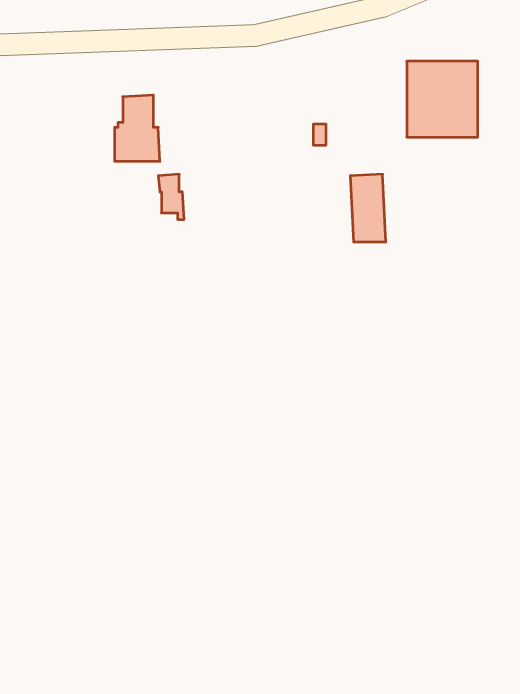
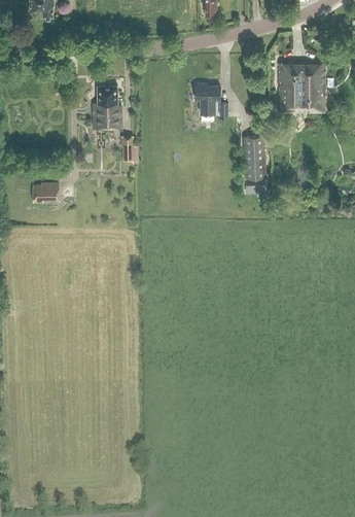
building: none -> [194,82,220,114]
building: none -> [33,183,59,203]

